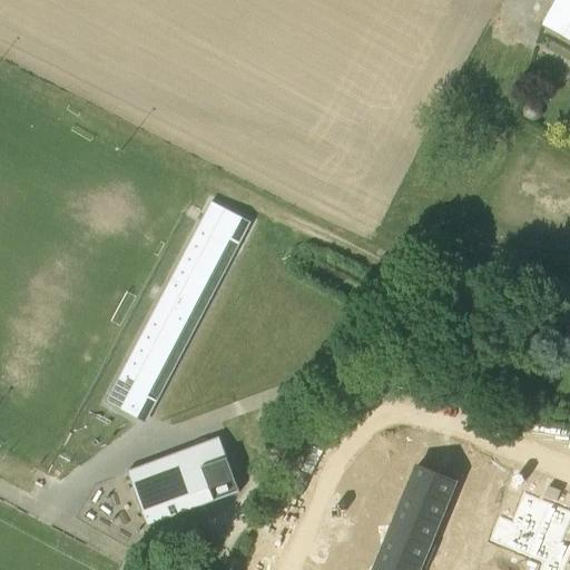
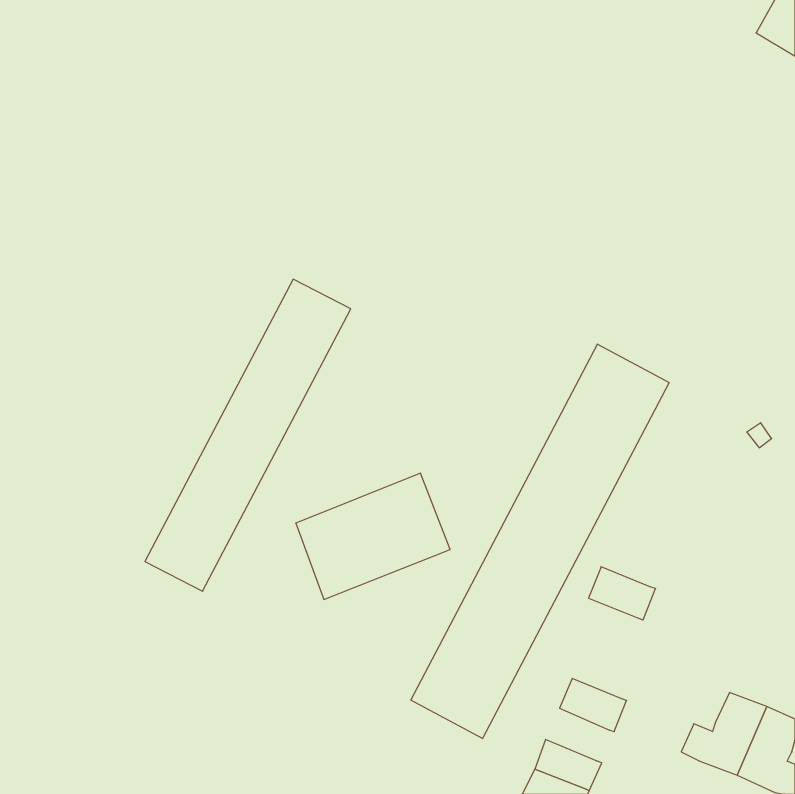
building: none -> [411,344,669,739]
building: [139,436,249,527] -> [296,473,450,599]
building: [409,462,456,500] -> [589,567,656,620]
building: [390,505,439,544] -> none

